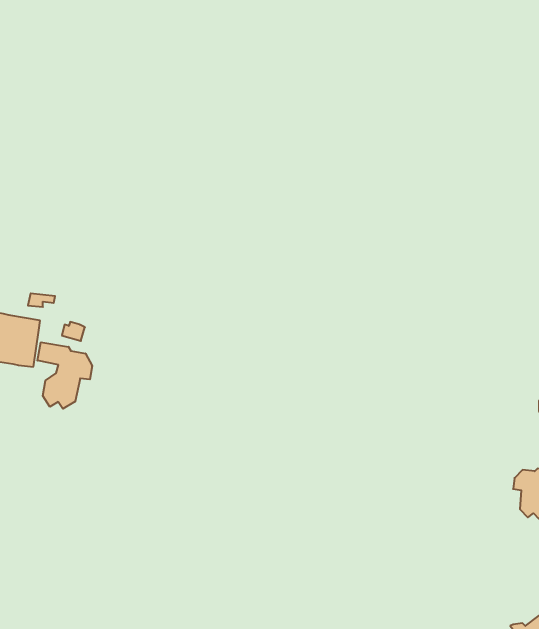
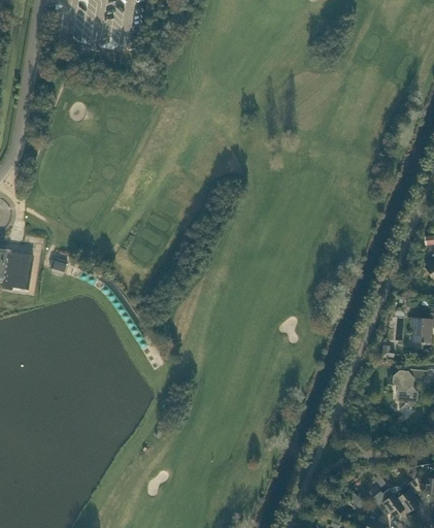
building: [37,342,92,409] -> none

